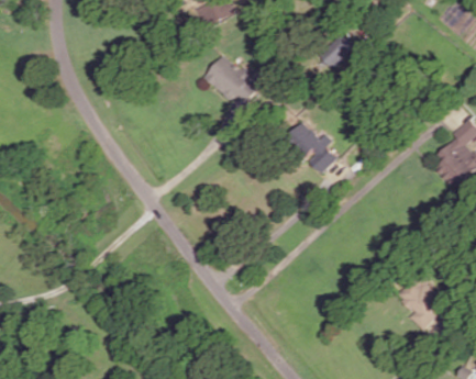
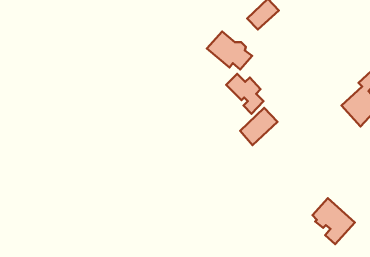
building: [202,57,257,103] -> [207,31,252,69]
building: none -> [240,108,278,145]

